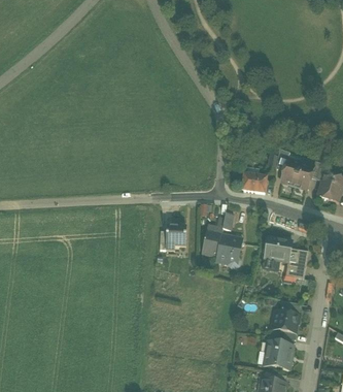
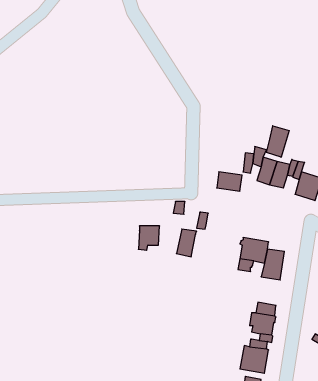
building: none -> [267,126,289,157]
building: [216,234,244,267] -> none

